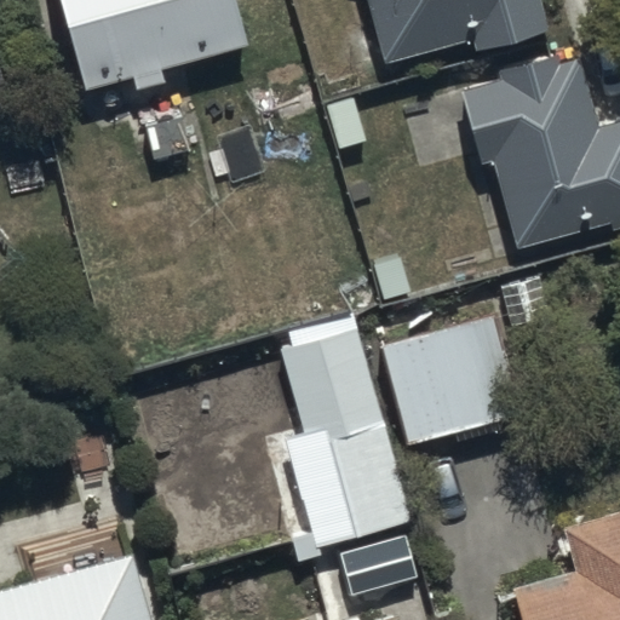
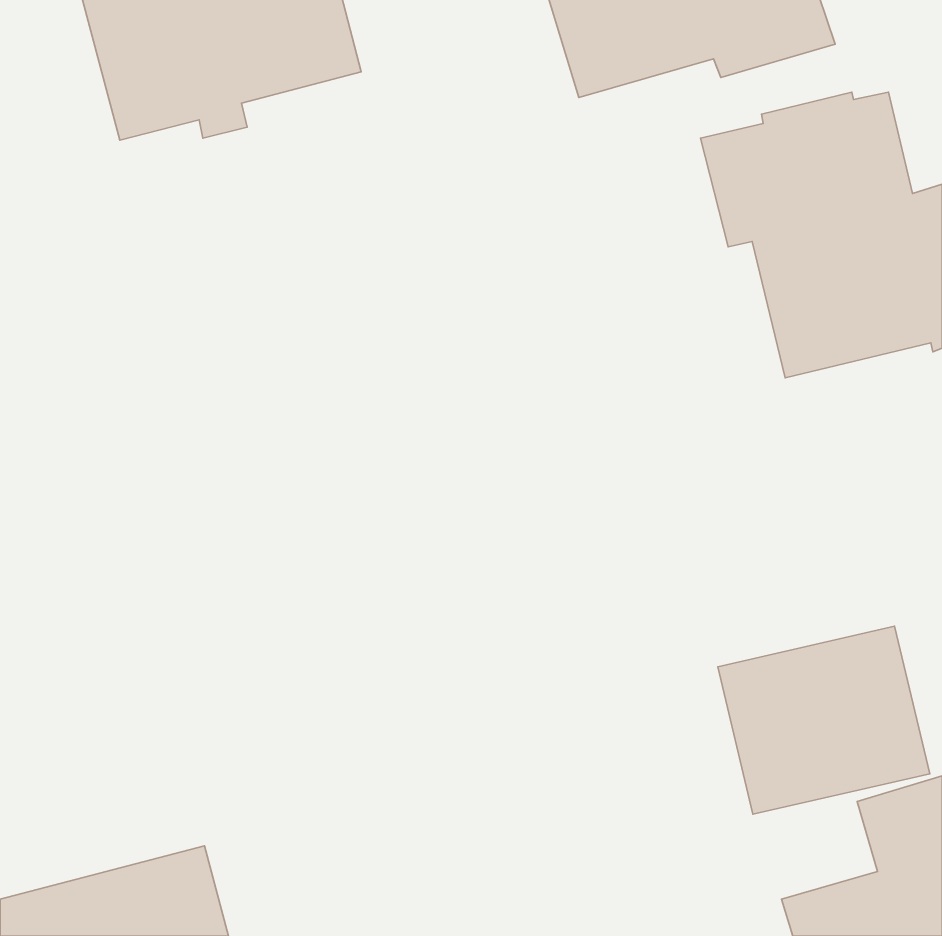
building: [384,320,523,443] -> [718,626,930,814]
building: [283,327,408,541] -> none

